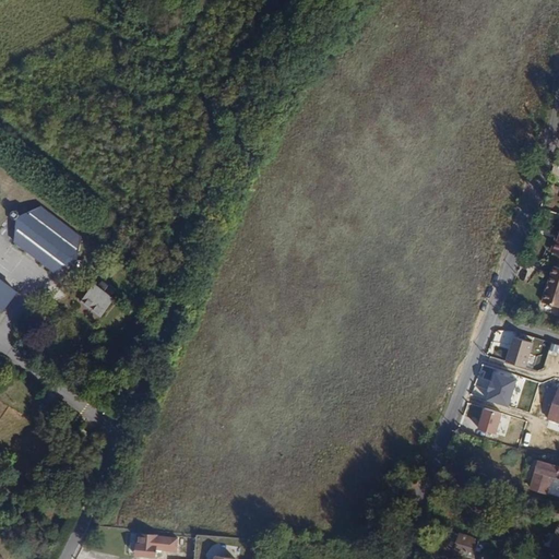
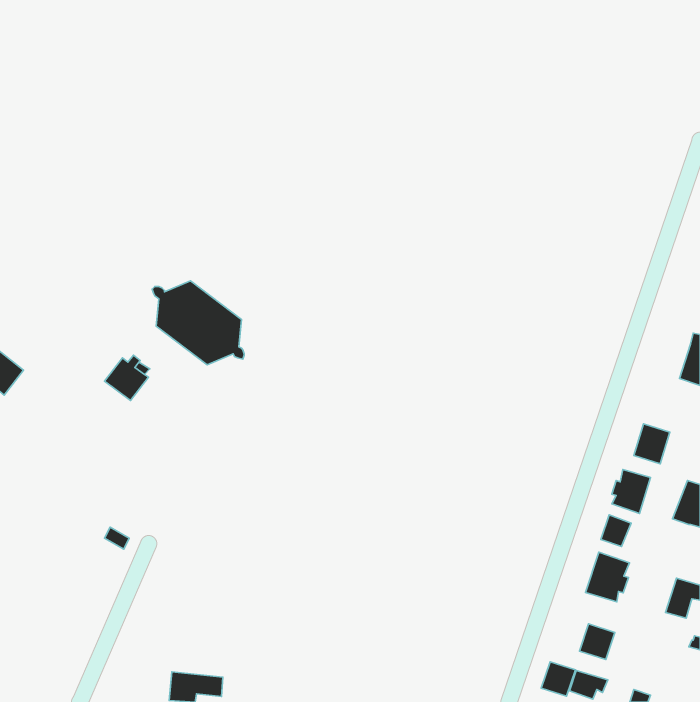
building: [12,206,85,273] -> [152,281,244,365]
building: none -> [585,552,629,602]
building: none -> [580,624,615,660]
building: none -> [541,662,575,696]

